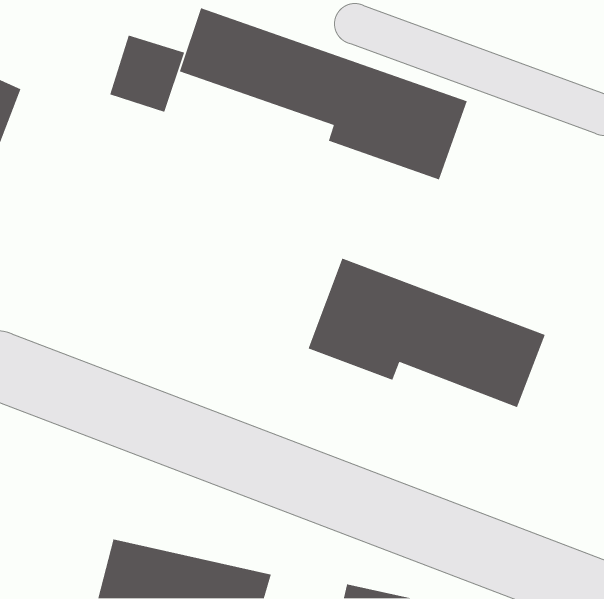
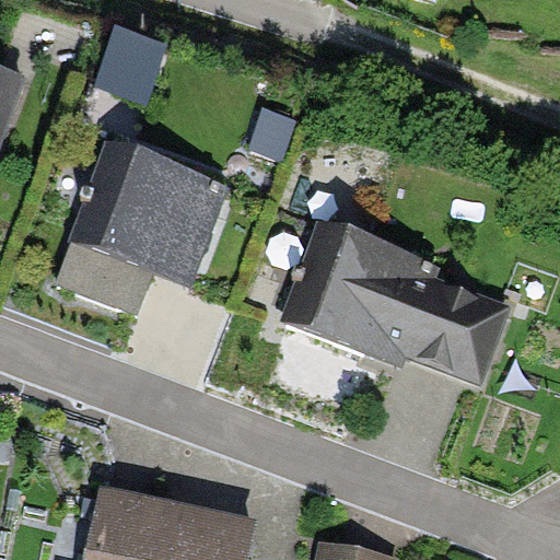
building: [179,7,468,181] -> none
building: none -> [59,163,221,312]

